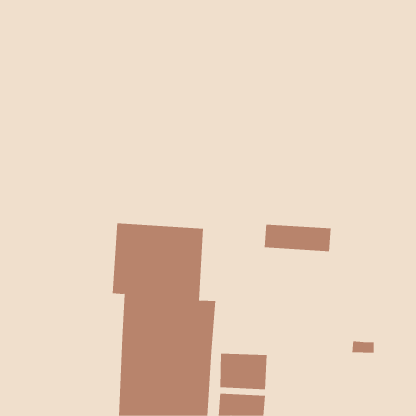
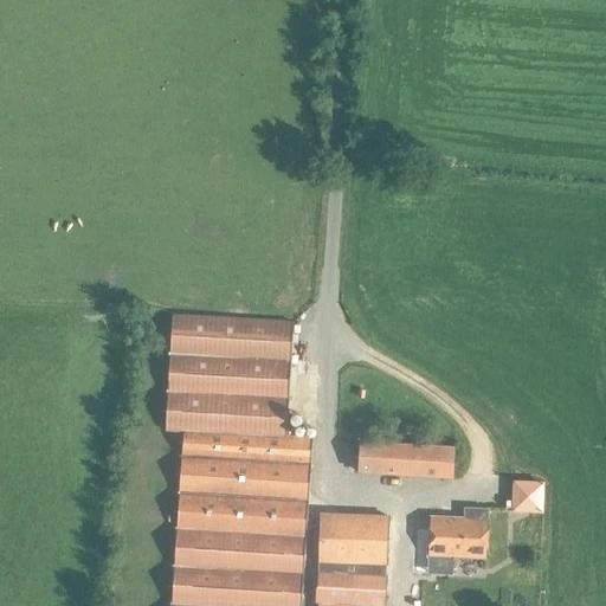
building: [264,224,332,252] -> [356,439,454,479]
building: none -> [428,507,488,559]

